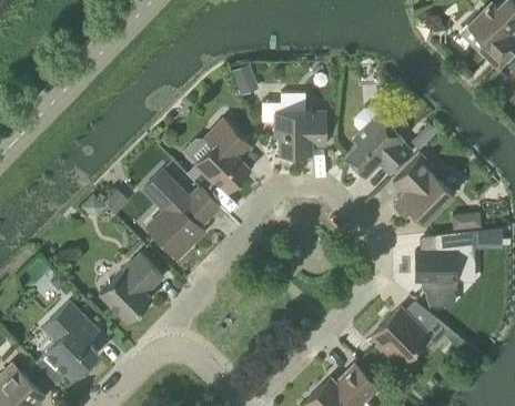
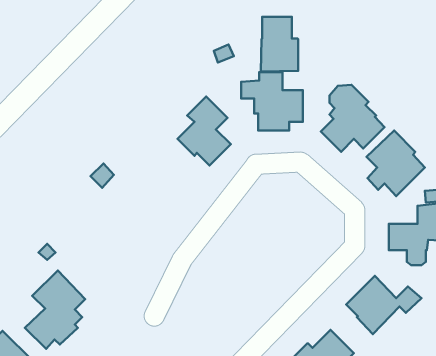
building: none -> [261,17,298,72]
building: [144,170,220,257] -> none
building: [100,253,163,322] -> none

